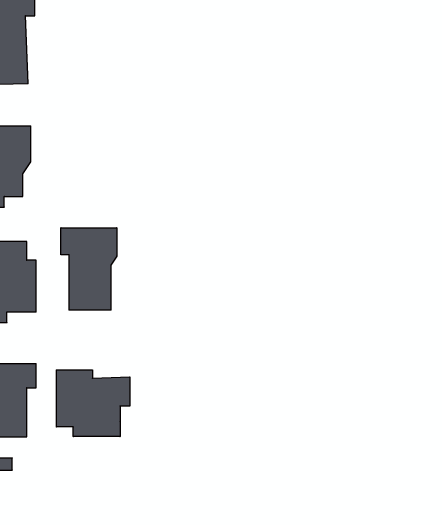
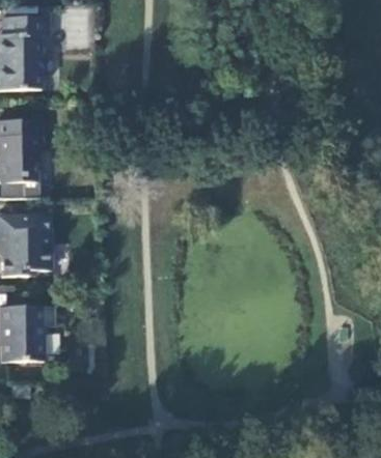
building: [61,228,117,310] -> none
building: [56,370,130,437] -> none

